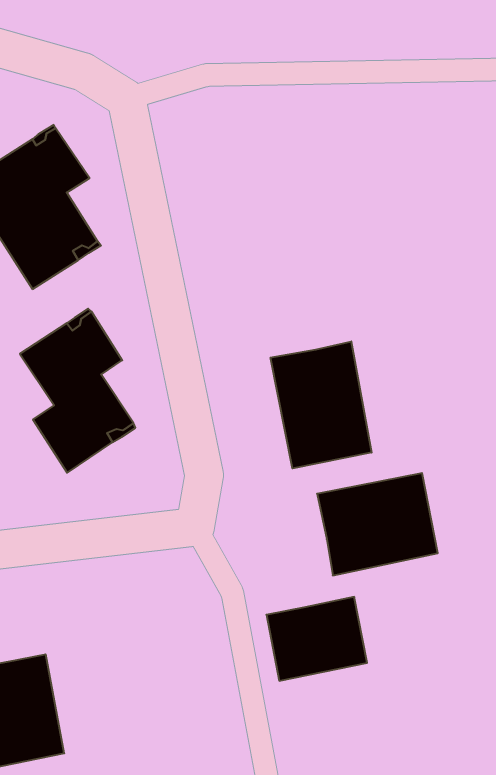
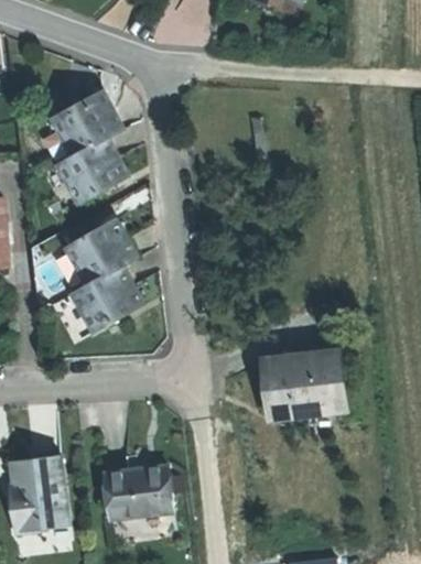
building: [271,341,372,468] -> none
building: [266,597,367,681] -> [105,464,172,518]

